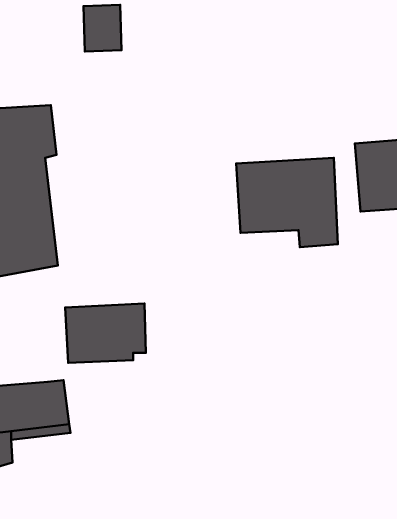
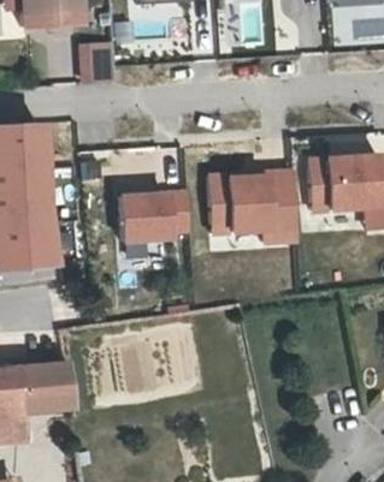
building: [65,303,146,363] -> [118,191,187,242]

